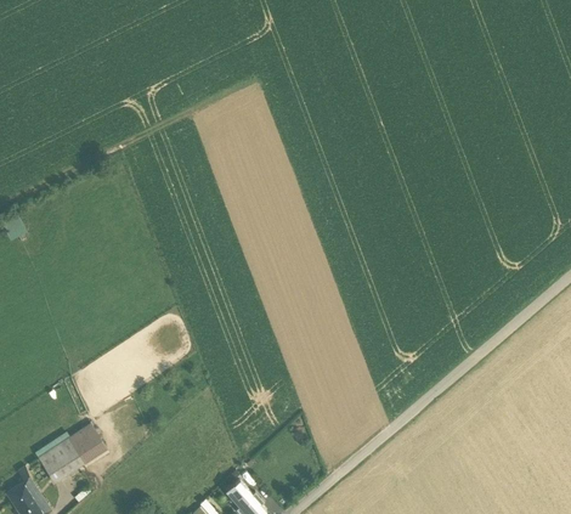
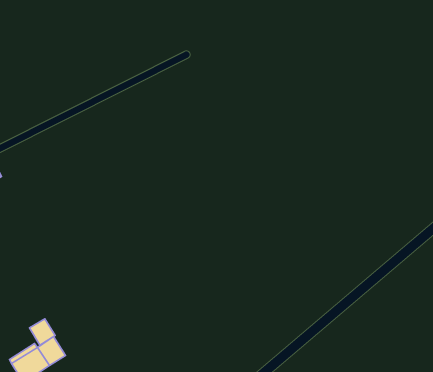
building: none -> [30,319,55,345]

